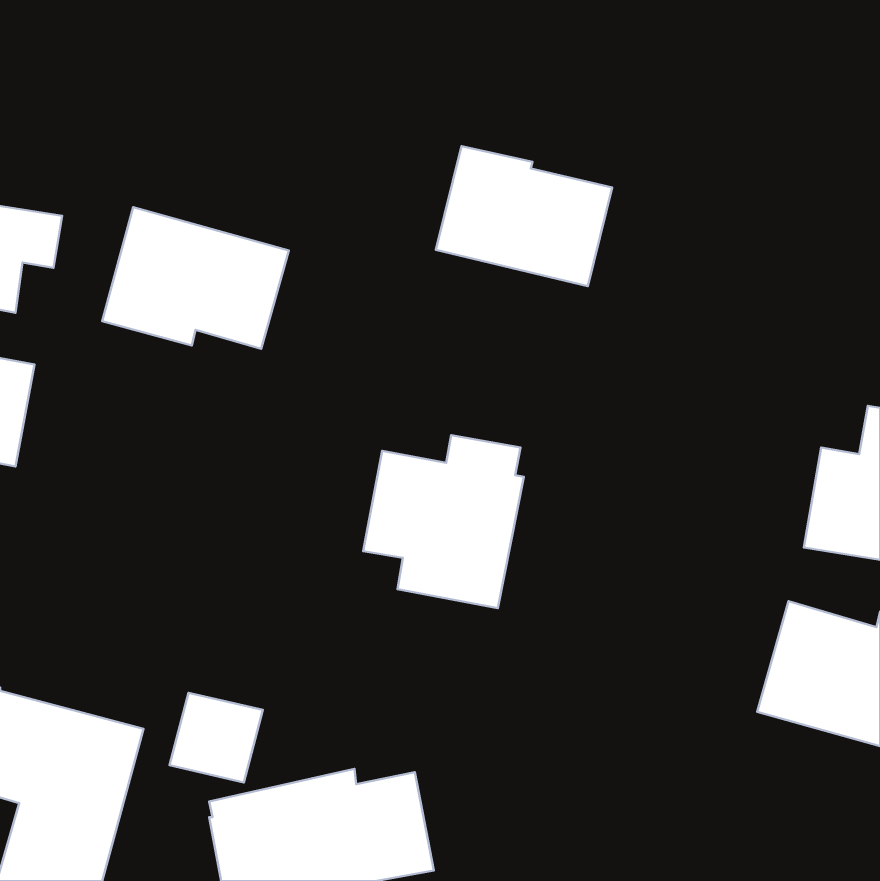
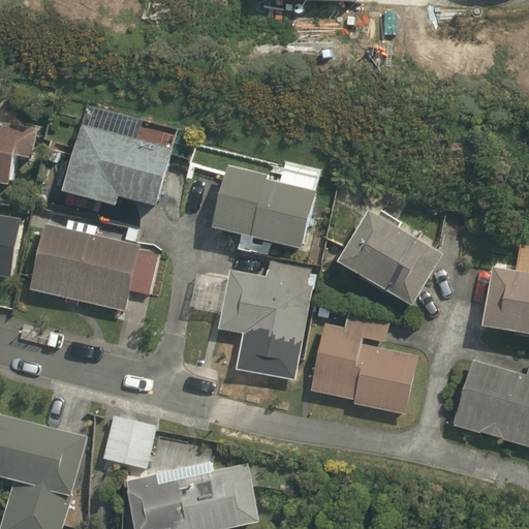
building: [436,146,612,286] -> [210,166,315,250]
building: none -> [335,210,442,309]
building: none -> [29,223,158,311]
building: none -> [310,313,417,415]

